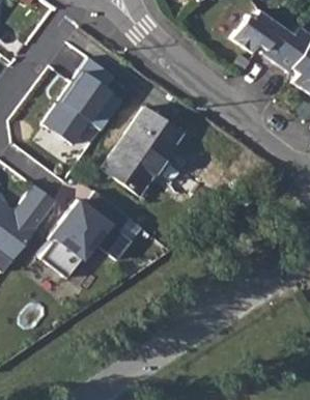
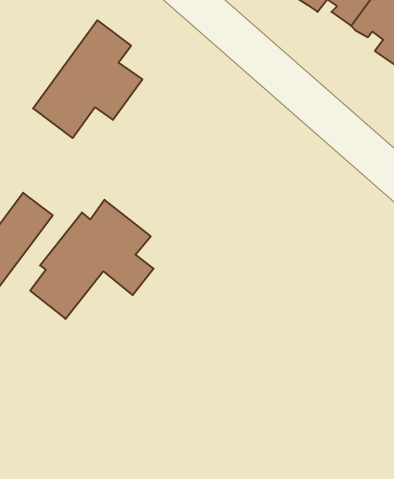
building: [103,106,181,199] -> none

